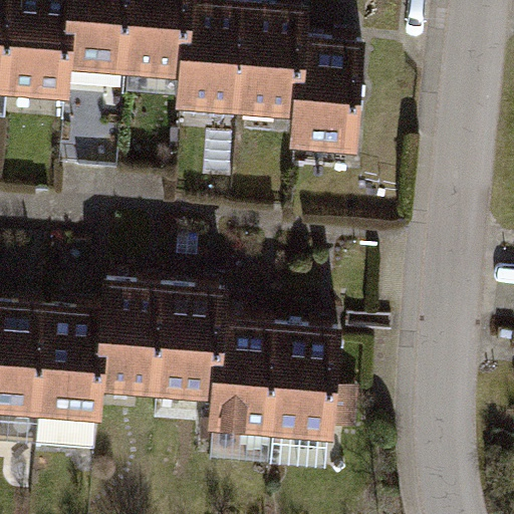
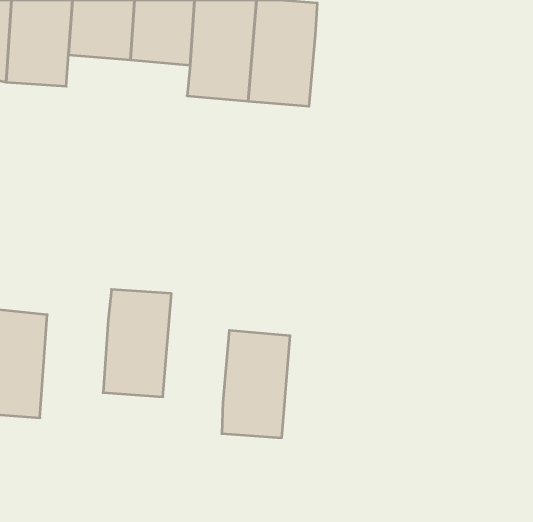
building: [292,48,360,153] -> none
building: [156,295,222,399] -> none
building: [38,315,103,419] -> none
building: [269,335,336,438] -> none

